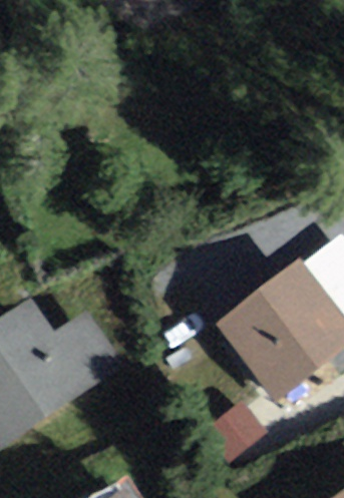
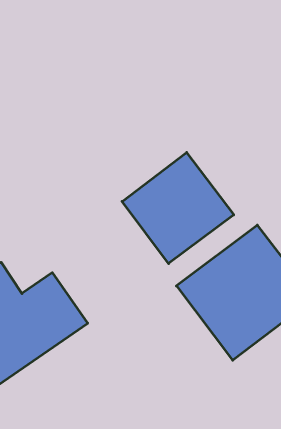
building: none -> [122,152,234,264]

